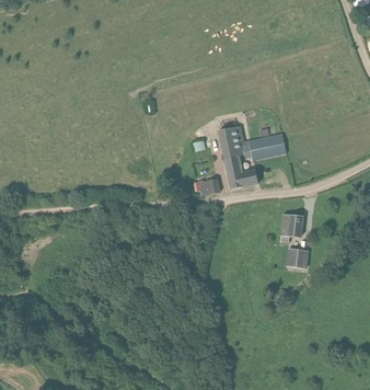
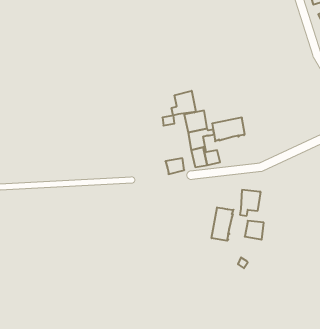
building: none -> [172,91,196,116]
building: none -> [212,207,234,241]

